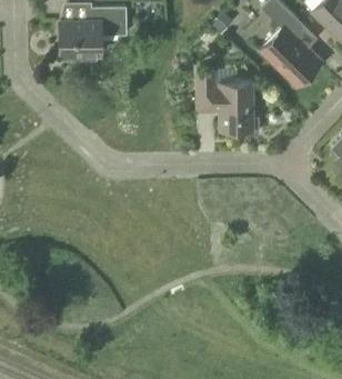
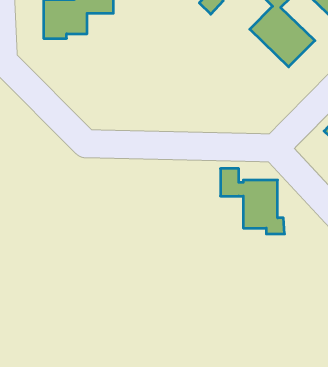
building: [198,71,260,134] -> [220,169,285,234]

